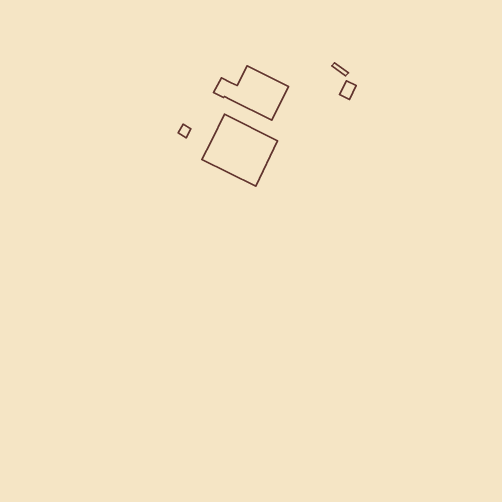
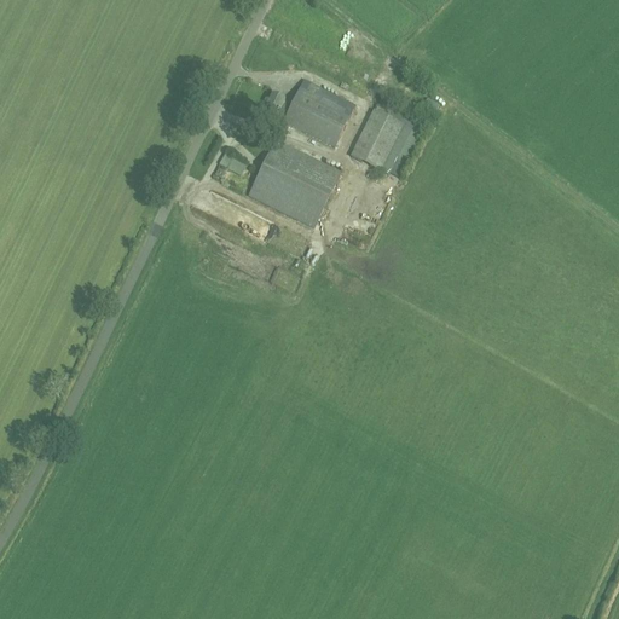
building: none -> [349,104,415,172]

